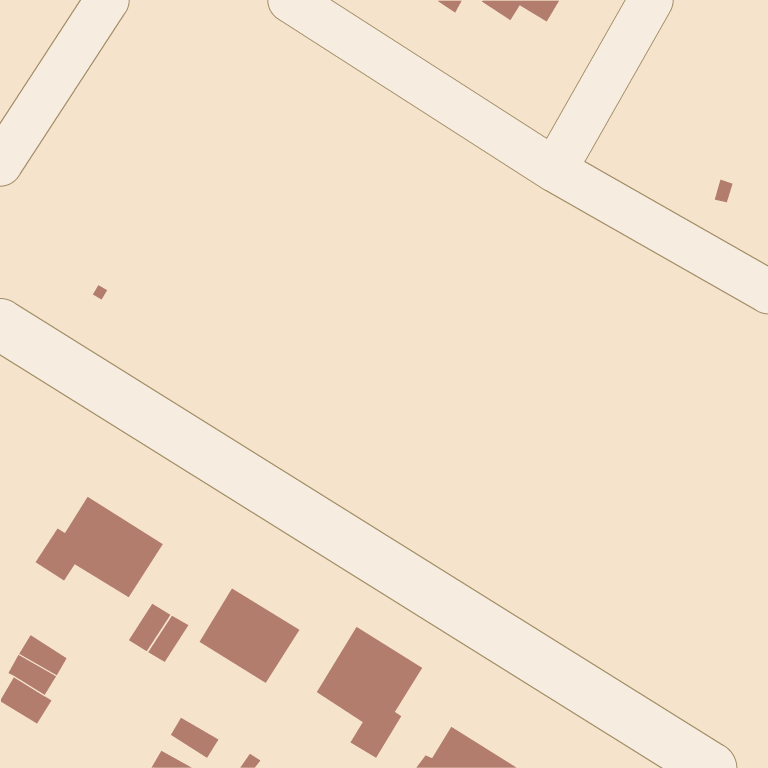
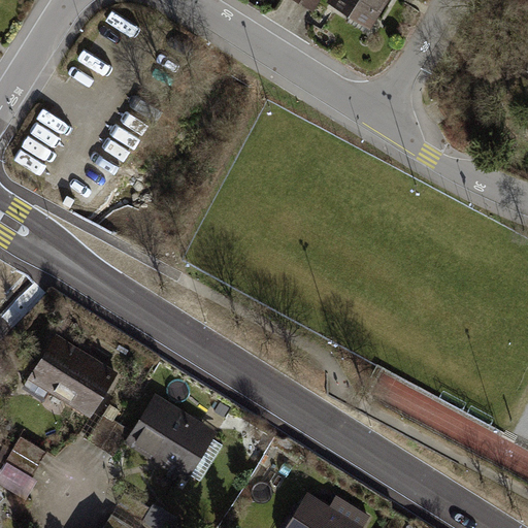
building: [316,626,423,759] -> none

